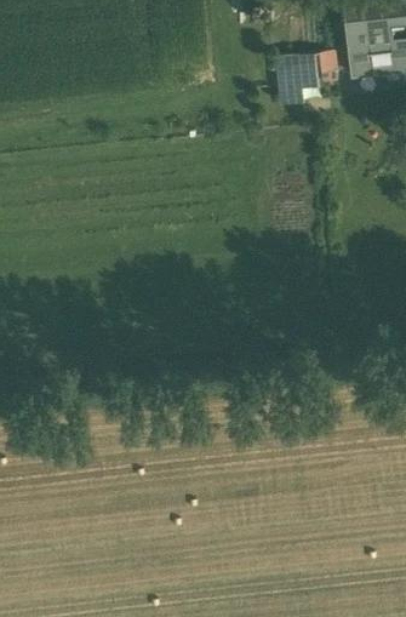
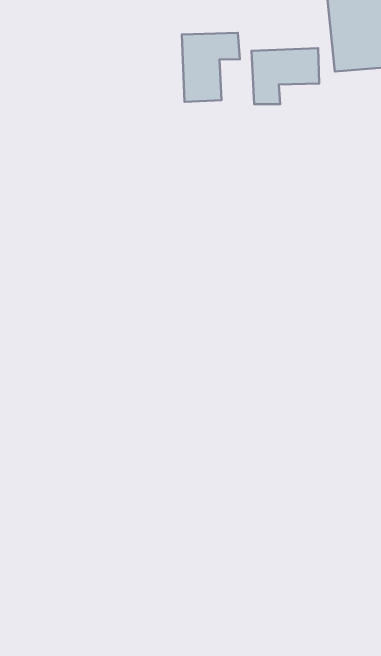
building: none -> [182,33,240,102]

